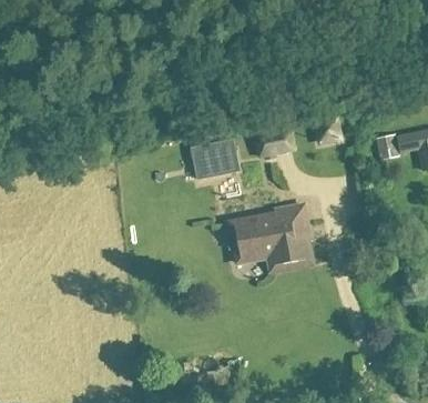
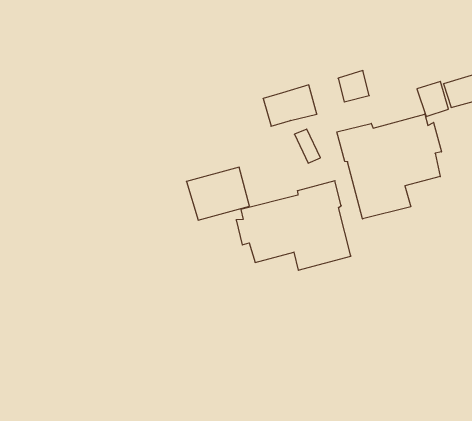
building: [192,140,240,179] -> [186,167,249,220]
building: none -> [337,114,441,219]

